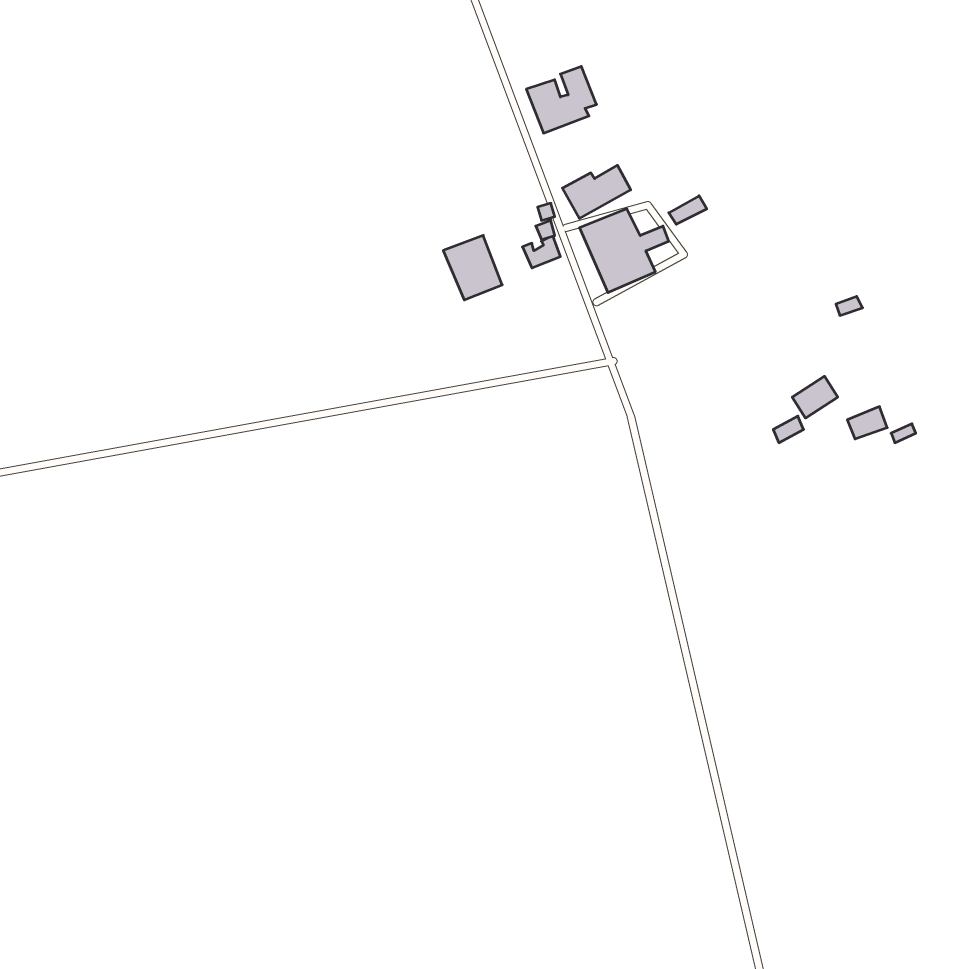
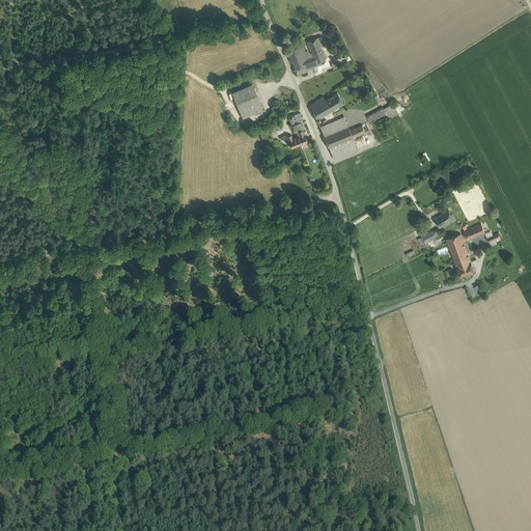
building: [443,235,502,300] -> [230,83,262,118]
building: none -> [445,232,474,278]

